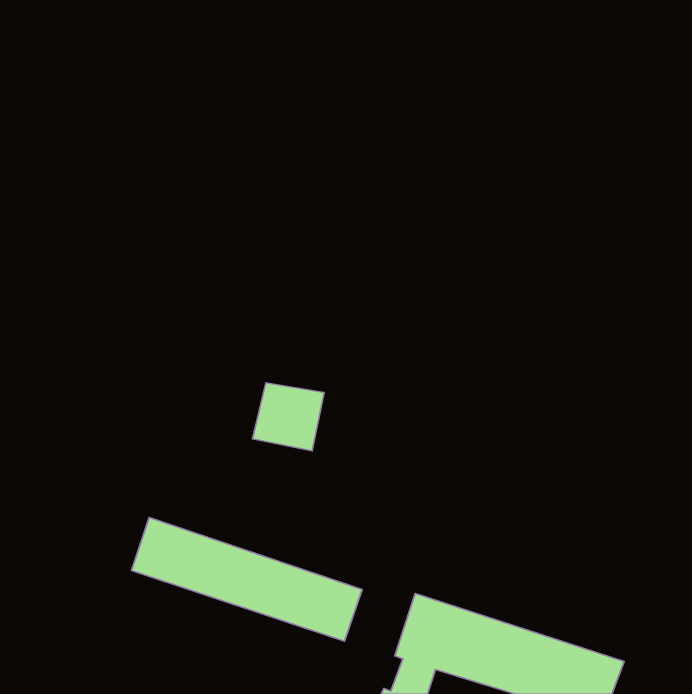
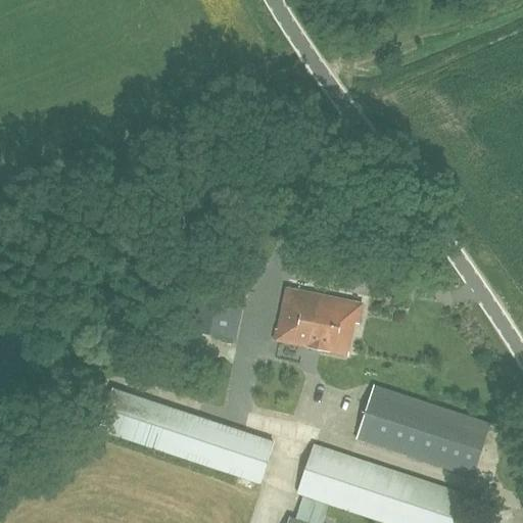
building: none -> [275,289,363,353]
building: none -> [356,385,490,477]

